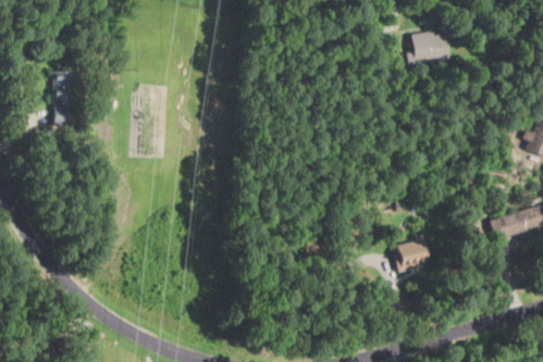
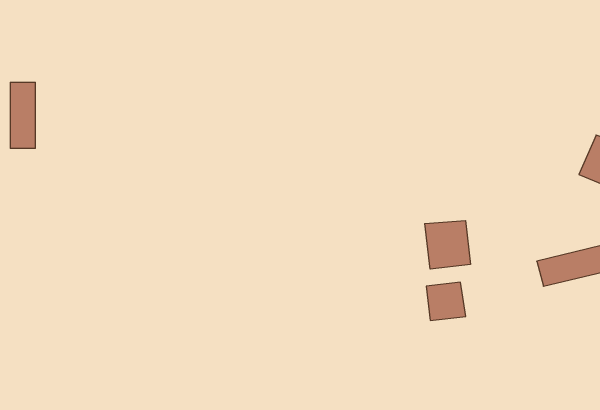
building: [411,32,448,61] -> none
building: none -> [425,221,470,269]

